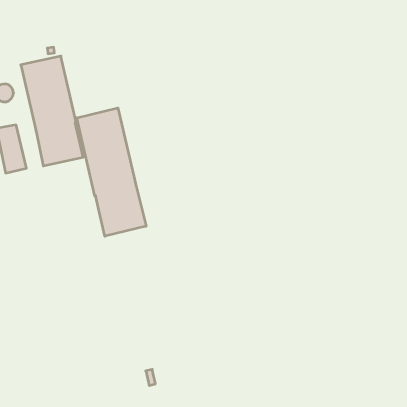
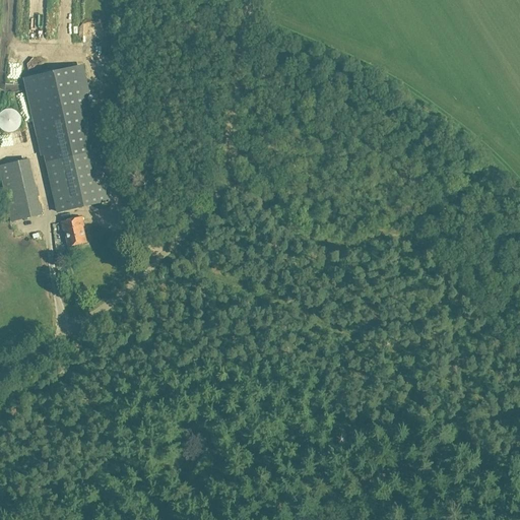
building: [77,108,146,236] -> none
building: none -> [57,213,83,245]

